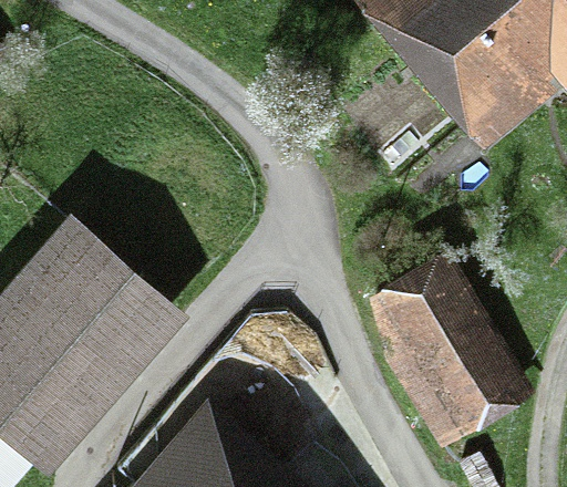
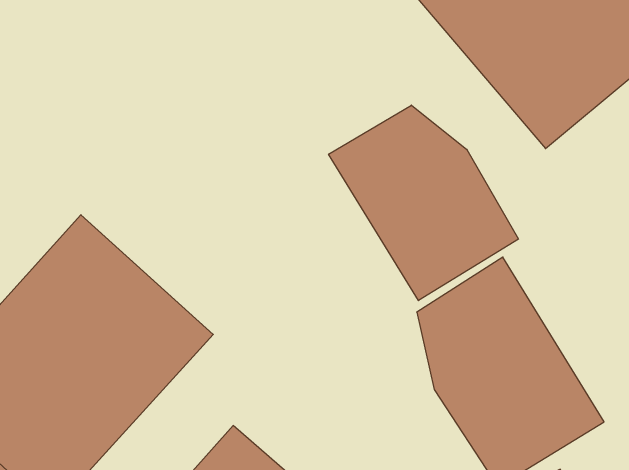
building: none -> [329,105,518,301]

